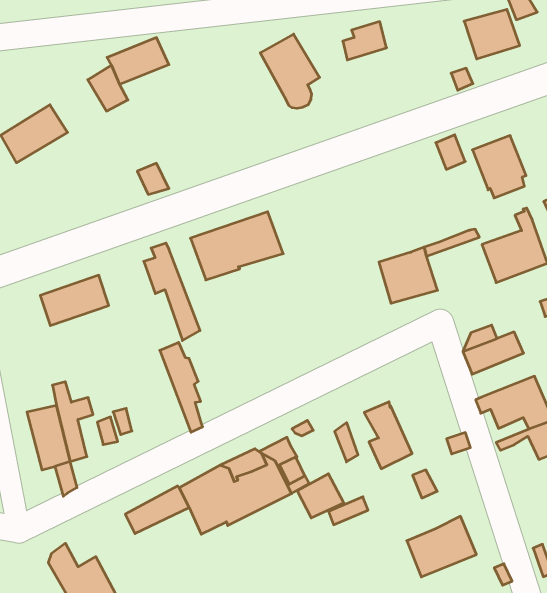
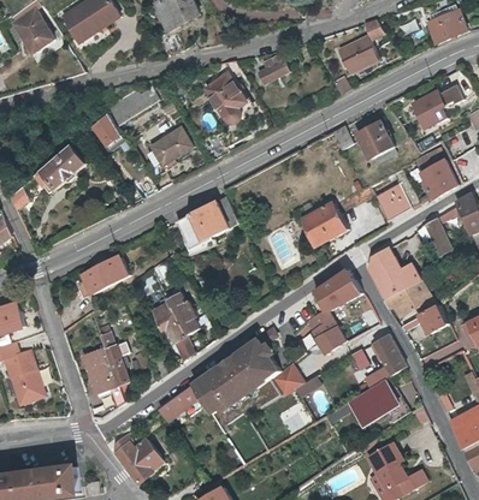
building: none -> [149,130,191,167]
building: [144,243,200,341] -> [149,294,194,358]
building: none -> [313,270,360,314]
building: none -> [377,264,419,298]
building: none -> [365,333,404,391]

